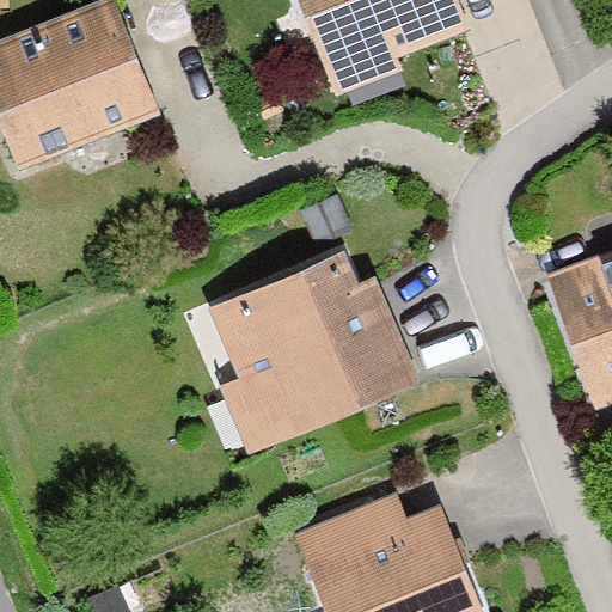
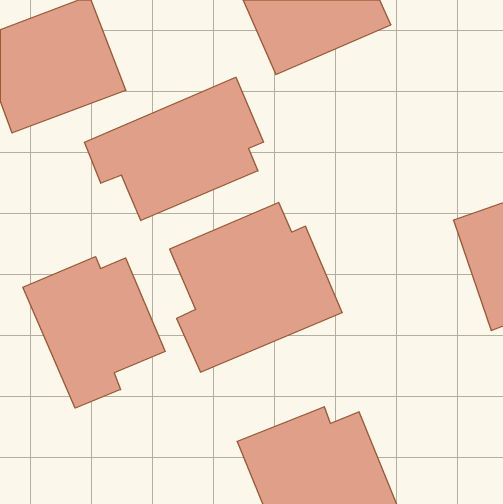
building: none -> [84,77,264,221]
building: none -> [23,257,165,408]

